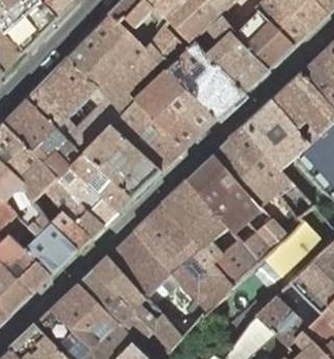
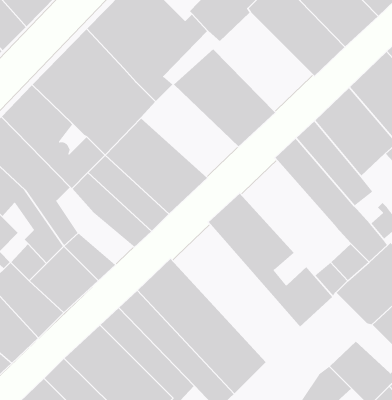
building: [167,43,245,121] -> none
building: [111,99,187,171] -> none
building: [188,156,262,234] -> none
building: [46,178,106,238] -> none
building: [134,205,234,314] -> none

